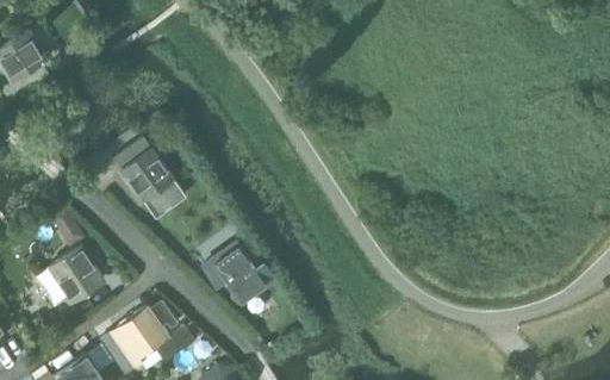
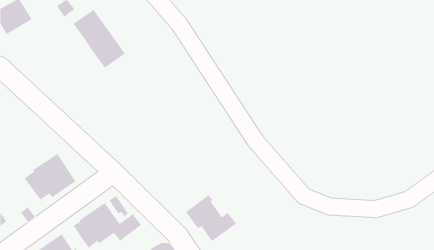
building: [113,137,185,218] -> [73,9,125,69]
building: [204,241,274,305] -> [185,195,237,242]

